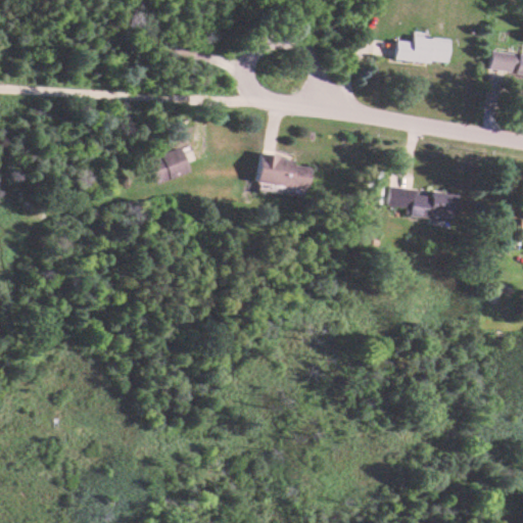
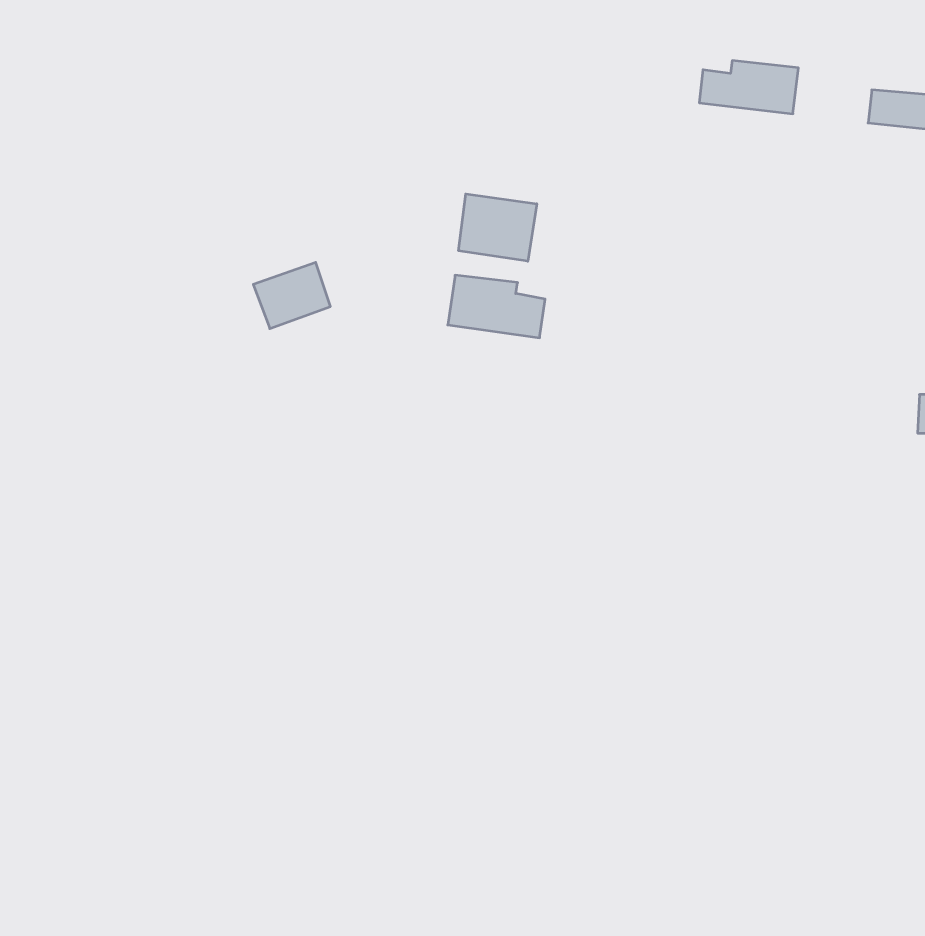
building: none -> [459,194,537,261]
building: [388,191,459,222] -> none

